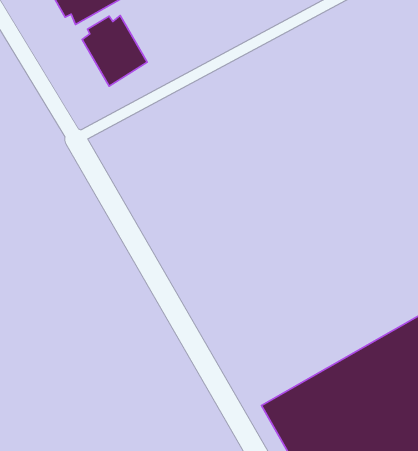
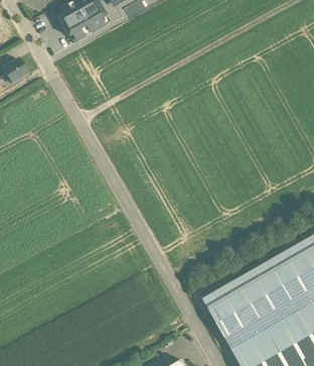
building: [82,16,147,86] -> none

